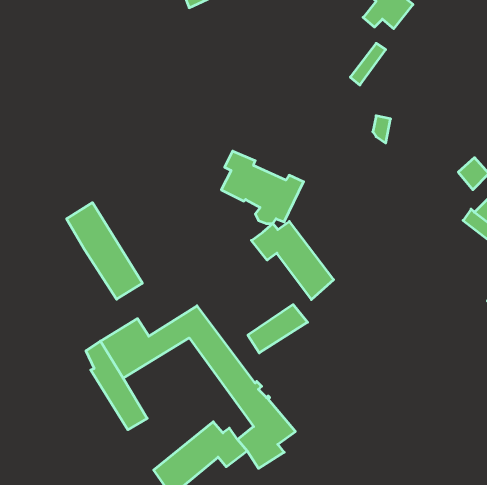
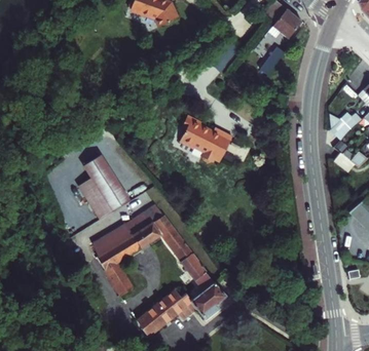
building: [251,221,334,300] -> none
building: none -> [78,179,112,219]
building: [248,305,308,353] -> [125,203,163,234]

